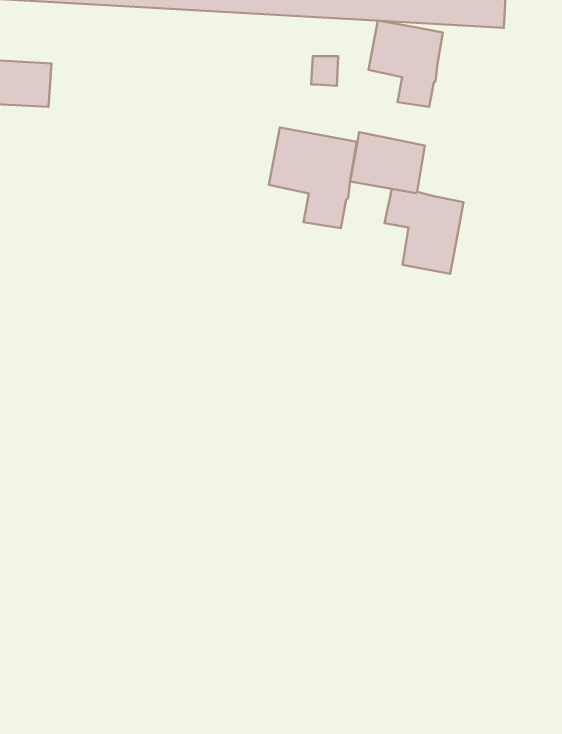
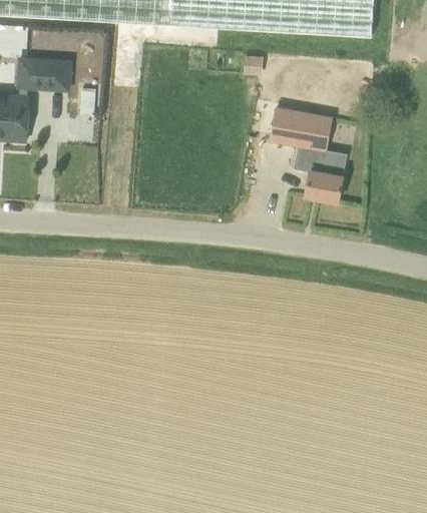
building: [369,20,443,107] -> none
building: [269,128,357,228] -> none

